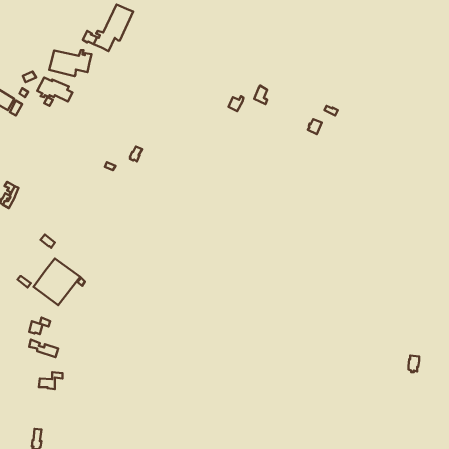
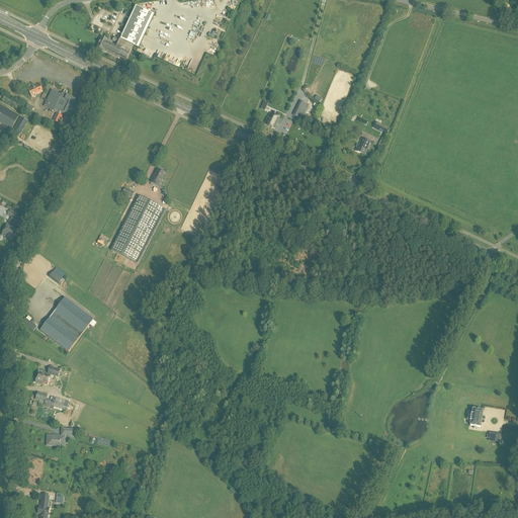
building: [49,50,91,76] -> none
building: none -> [109,193,164,262]

